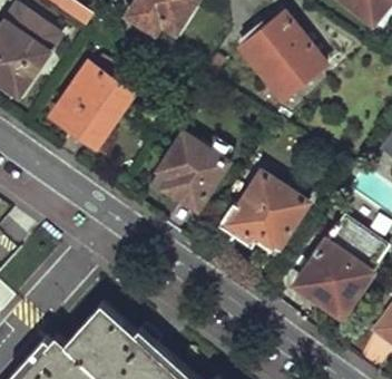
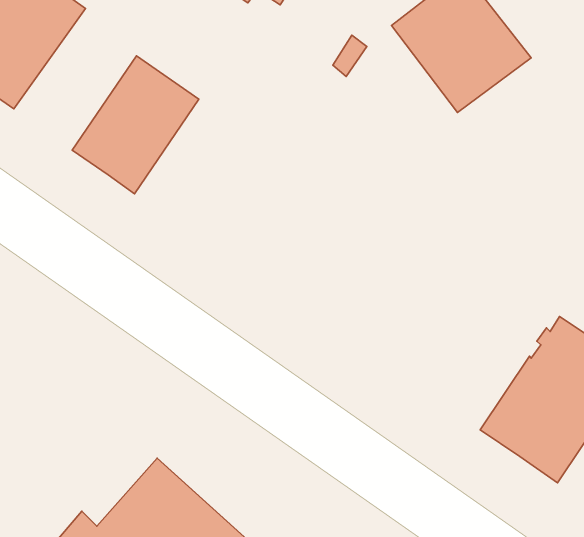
building: [156,135,226,212] -> none
building: [225,175,305,257] -> none

